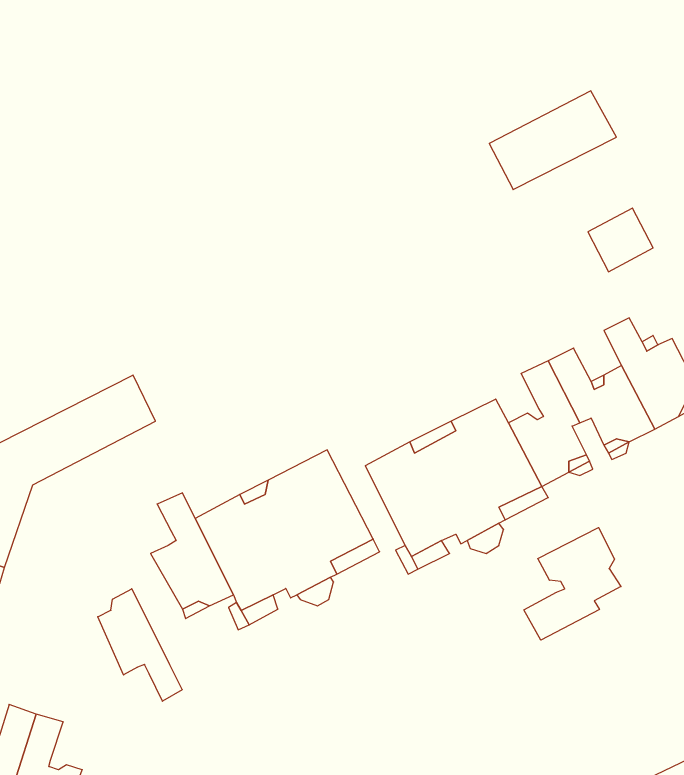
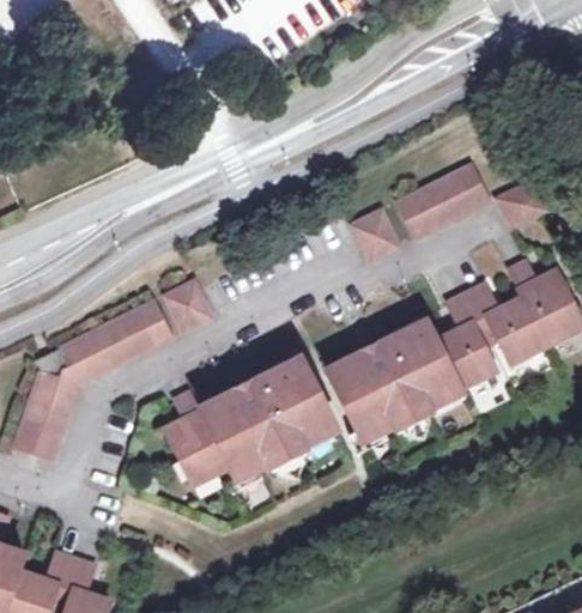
building: [489,91,616,190] -> [394,162,490,236]
building: none -> [348,207,399,260]
building: none -> [166,279,217,330]
building: [524,528,621,640] -> none
building: [98,589,182,701] -> none

